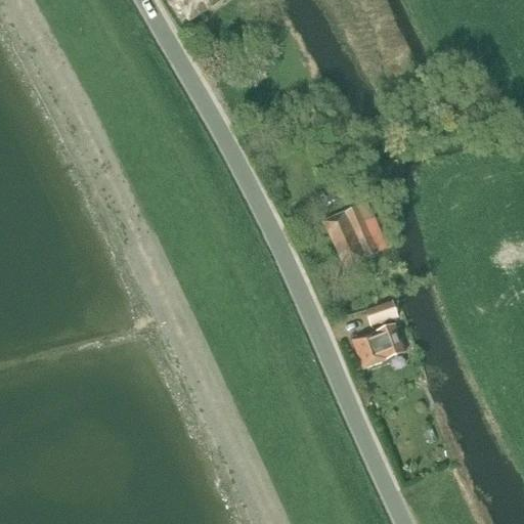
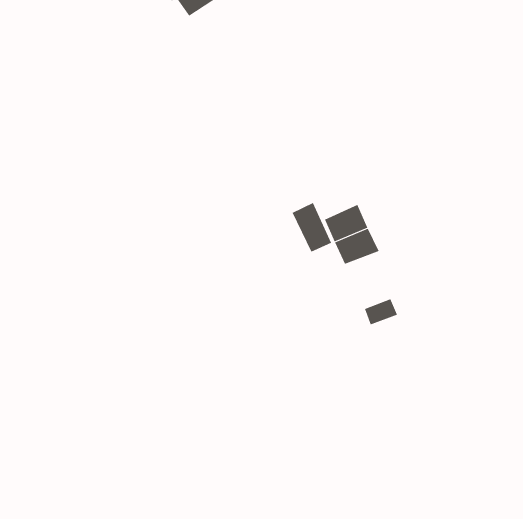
building: none -> [292,202,332,252]
building: [353,322,405,365] -> none

